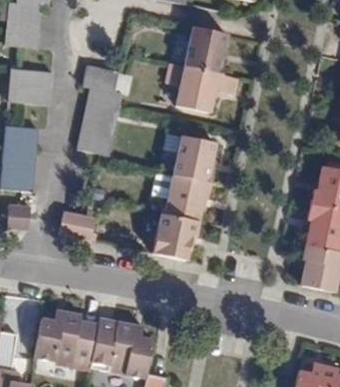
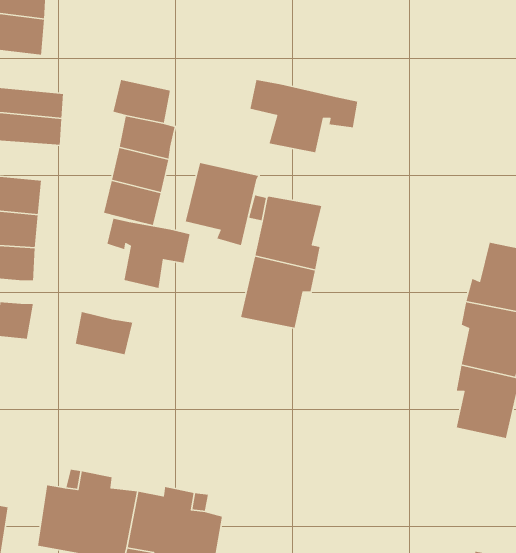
building: [189,28,227,74] -> none
building: none -> [185,162,259,246]
building: none -> [106,218,190,289]
building: [149,214,198,261] -> none

